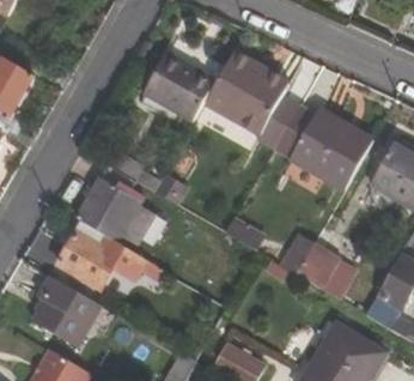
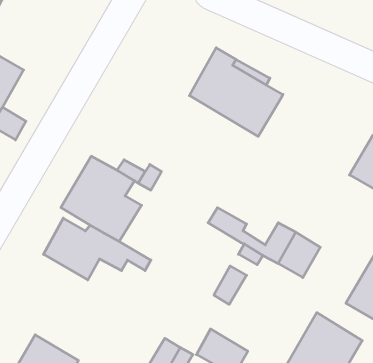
building: [142,52,217,122] -> none
building: [272,103,371,189] -> none
building: [30,274,102,347] -> none

